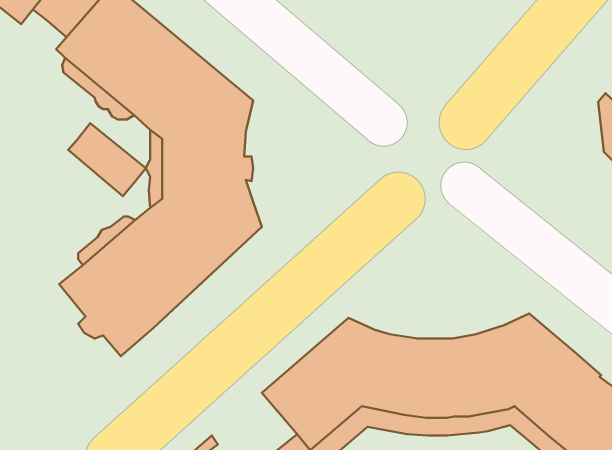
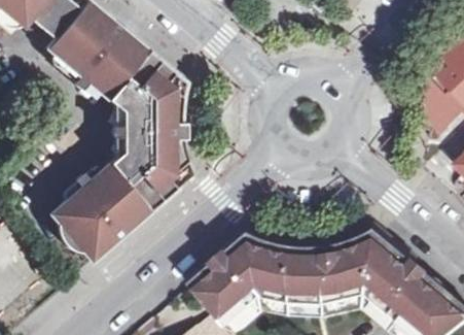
building: [68,123,146,196] -> none

